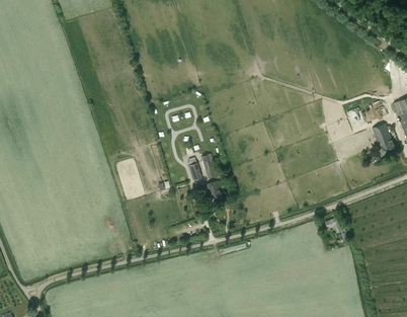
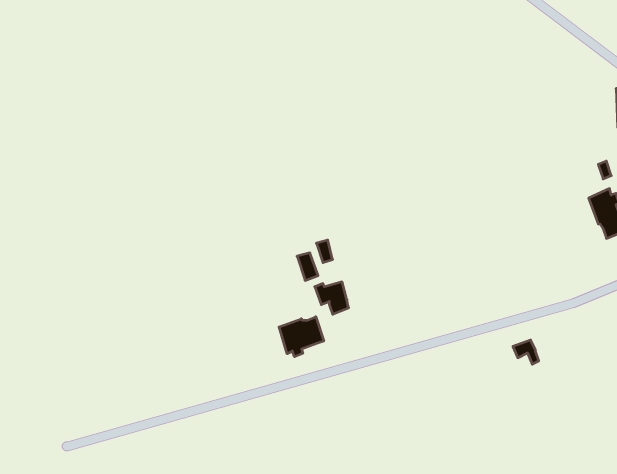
building: none -> [279,317,324,357]

